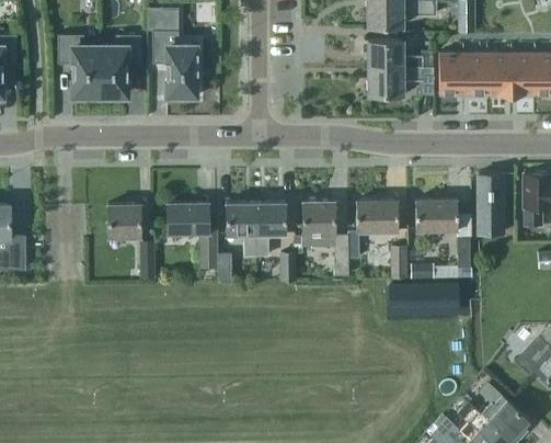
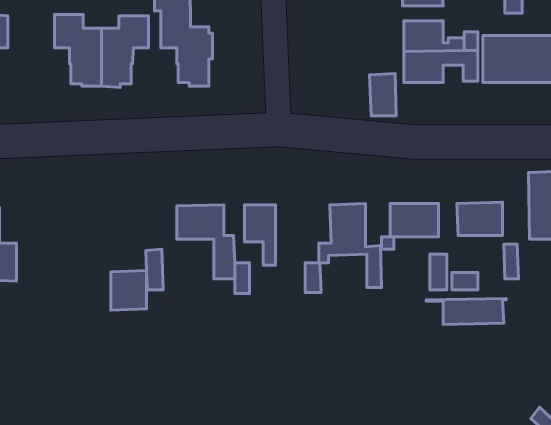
building: none -> [369,74,396,116]
building: [254,203,285,257] -> none
building: [108,204,140,239] -> [111,271,147,310]

